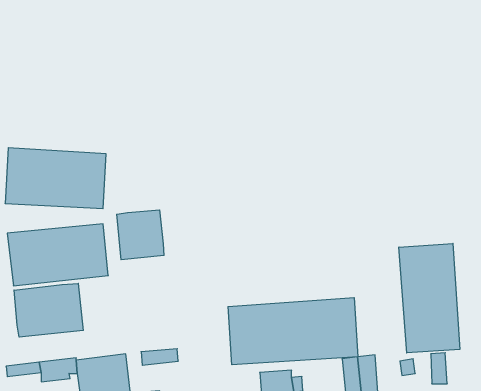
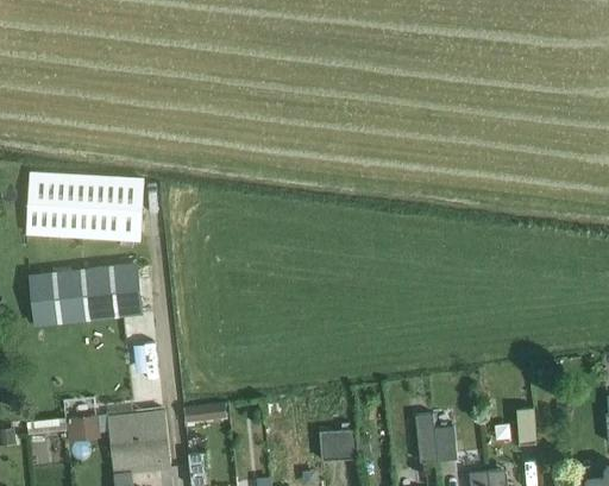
building: [117,210,164,260] -> none
building: [399,243,460,353] -> none
building: [14,283,83,337] -> none
building: [228,298,358,365] -> none

